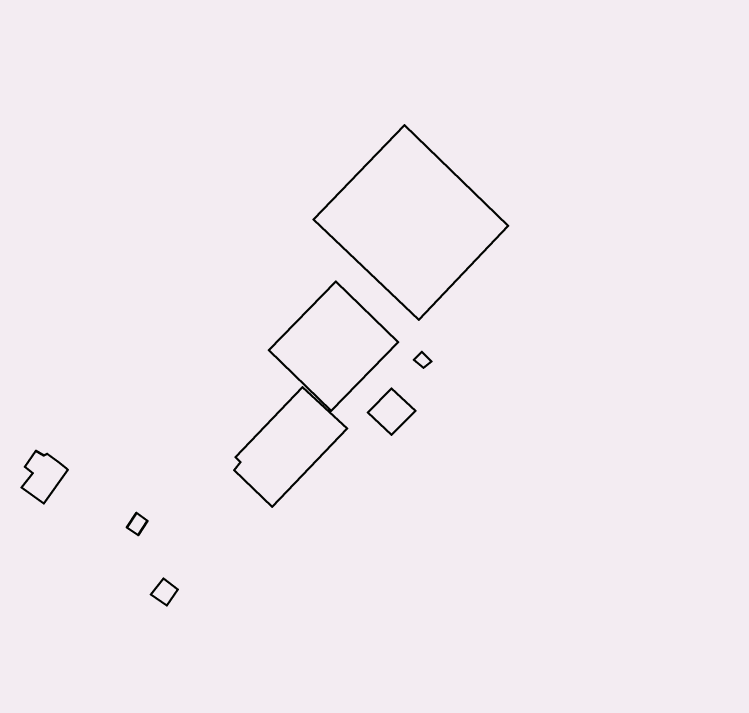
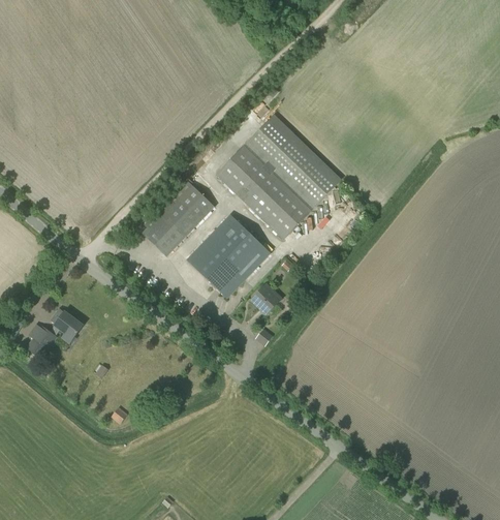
building: [234,387,347,507] -> [142,180,215,257]
building: none -> [50,309,83,343]

